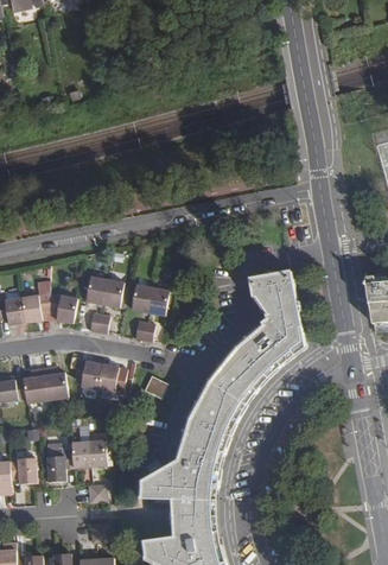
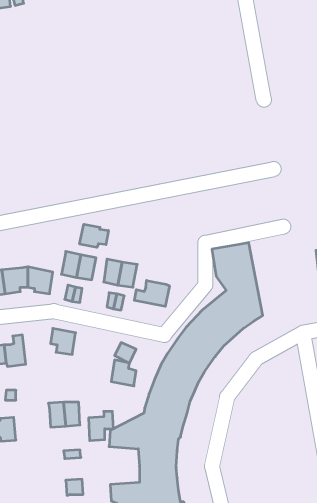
building: none -> [80,224,108,247]
building: none -> [134,280,169,306]
building: [97,367,125,395] -> [111,360,136,386]
building: [43,368,68,401] -> none
building: [46,451,74,483] -> [89,411,113,441]

